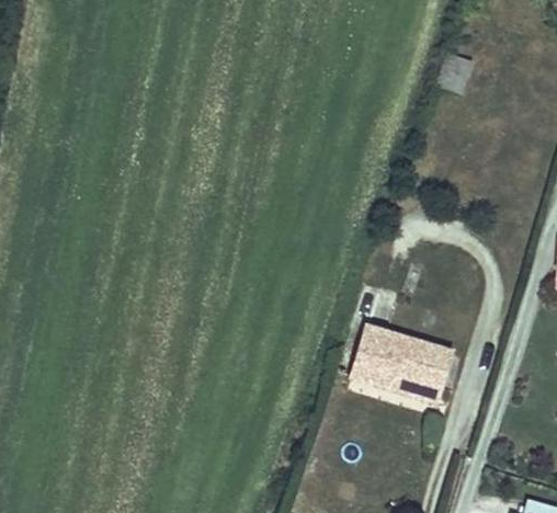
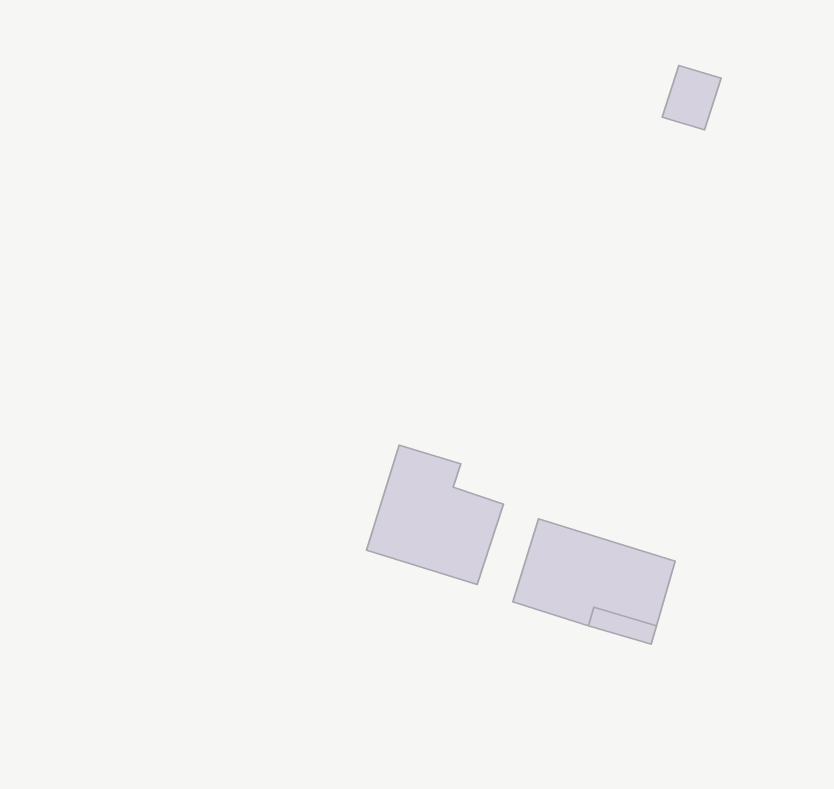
building: none -> [366,445,504,585]

